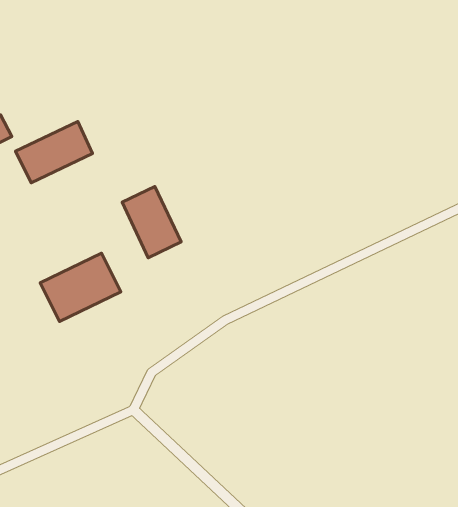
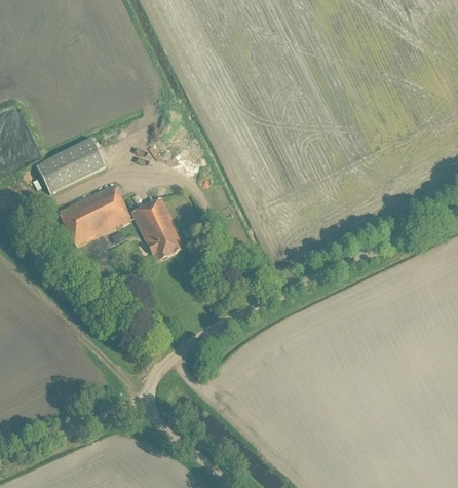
building: [40,253,121,321] -> [58,184,130,246]

